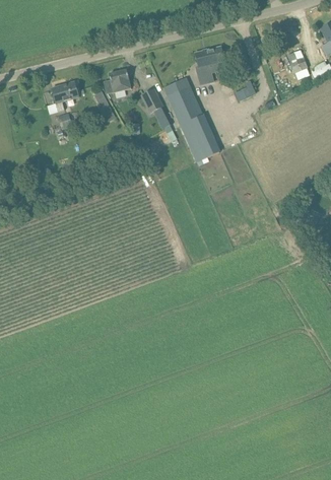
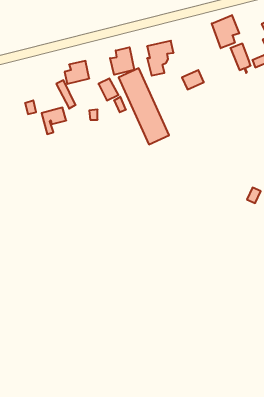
building: none -> [212,15,239,48]
building: none -> [110,47,134,75]
building: [52,82,79,112] -> [42,108,66,134]

